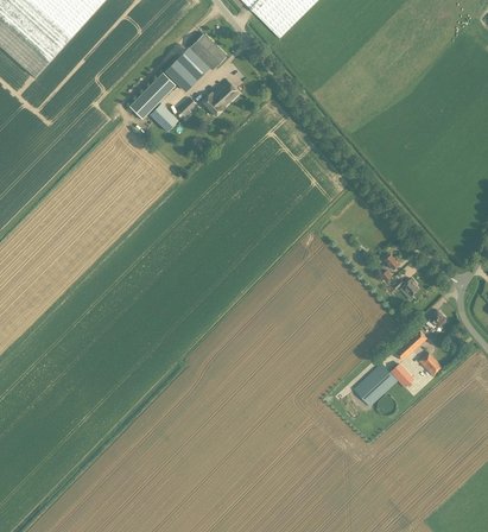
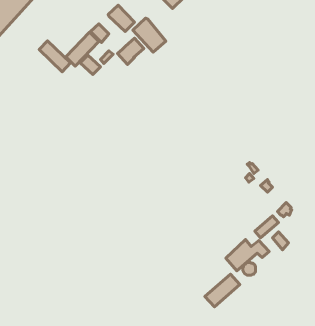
building: none -> [133,18,166,52]
building: none -> [39,41,70,72]
building: none -> [205,274,240,307]

